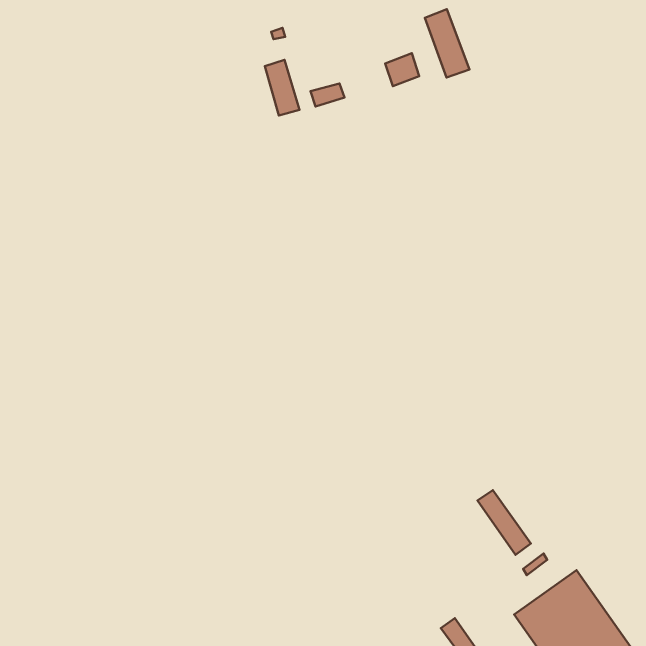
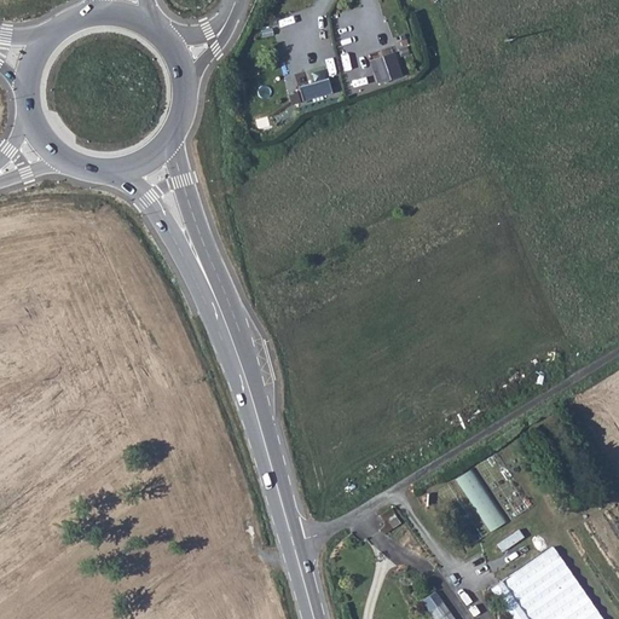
building: [425,9,470,78] -> none
building: [265,60,300,116] -> none

